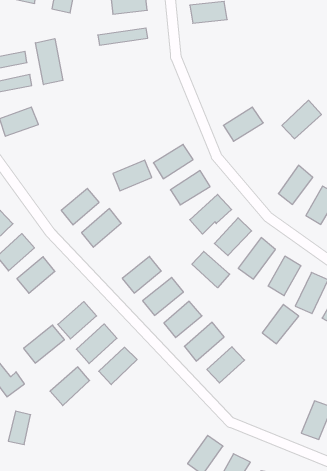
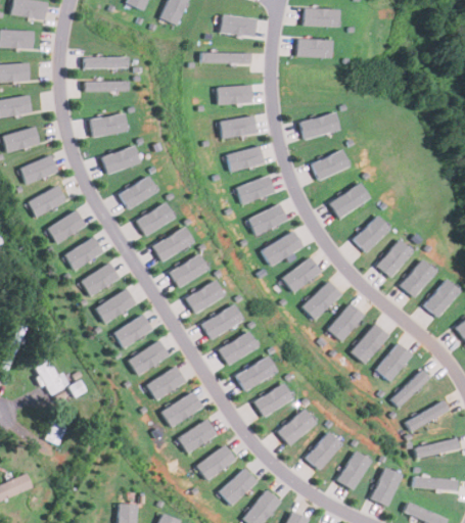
building: [35,39,63,85] -> none
building: none -> [217,85,252,105]
building: none -> [299,111,340,140]
building: none -> [219,114,257,139]
building: [282,100,321,139] -> [329,182,370,218]
building: none -> [101,145,140,174]
building: [113,160,152,191] -> [226,145,264,172]
building: none -> [119,175,158,209]
building: none -> [169,253,208,287]
building: [192,251,230,288] -> none
building: [262,304,299,344] -> [277,408,316,445]
building: [24,325,64,363] -> [95,288,137,323]
building: [50,367,90,406] -> [161,391,202,427]
building: none -> [305,431,341,469]
building: none -> [178,419,217,454]
building: none -> [196,444,235,480]

